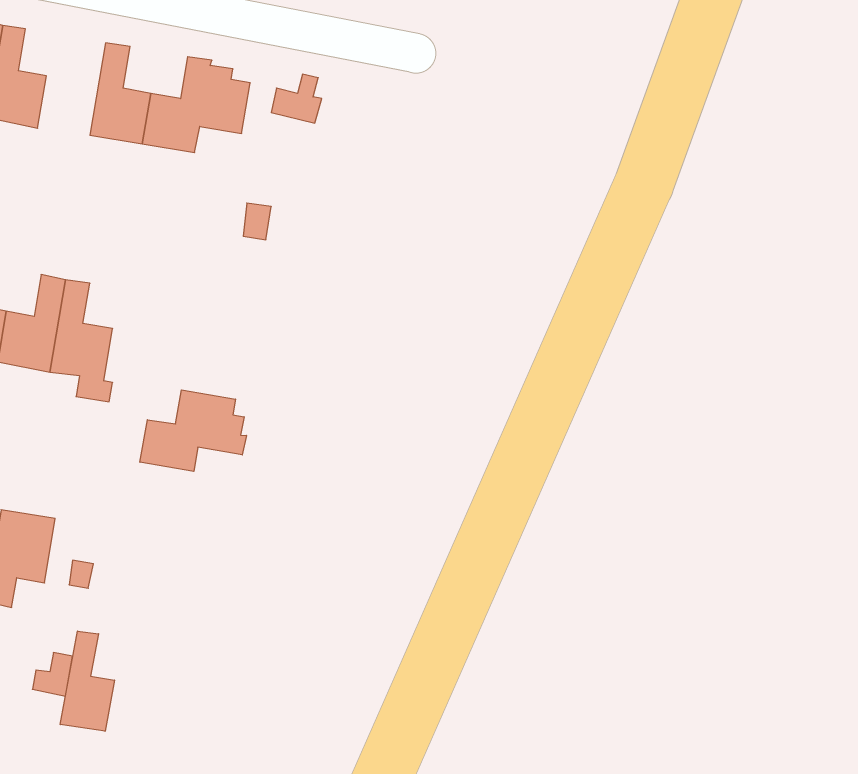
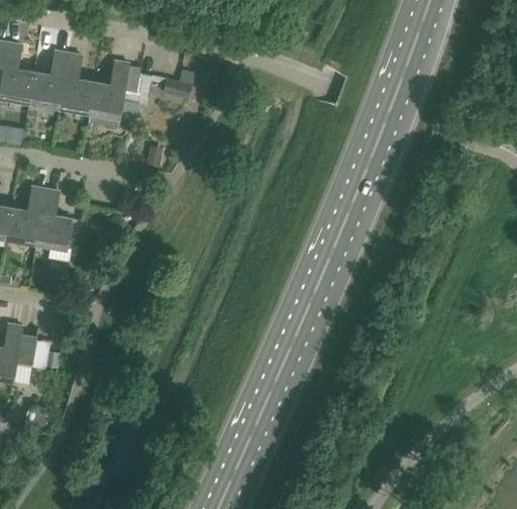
building: none -> [28,49,68,105]
building: [140,390,246,471] -> none
building: [60,631,114,731] -> none

